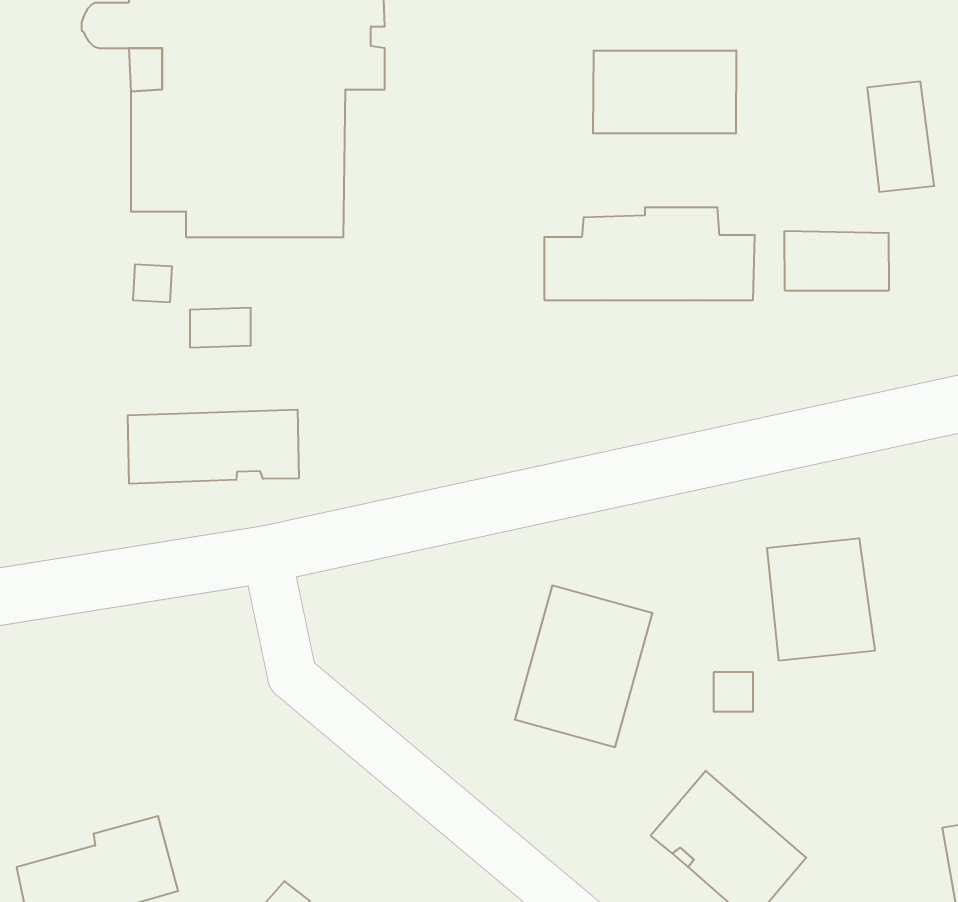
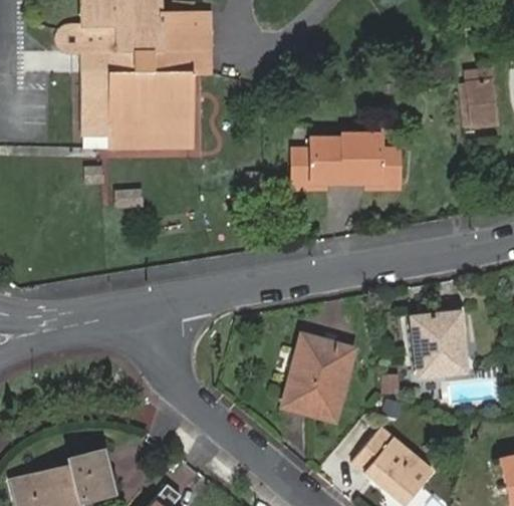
building: [593,50,736,134] -> none
building: [785,231,889,291] -> none
building: [128,410,299,484] -> none

